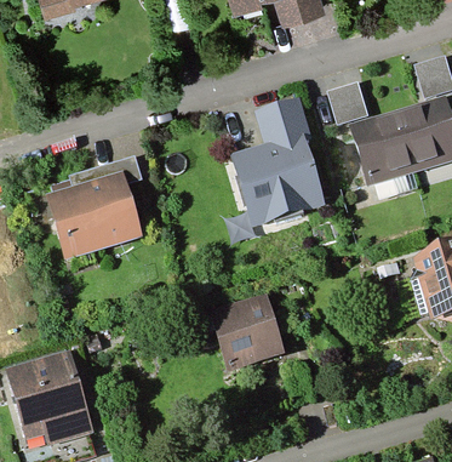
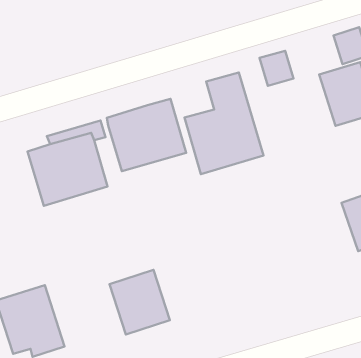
building: [344,109,412,184] -> none
building: none -> [107,99,186,171]
building: [213,295,285,371] -> [109,270,170,334]

